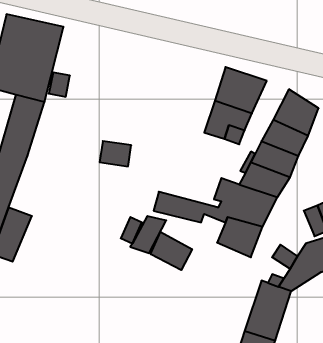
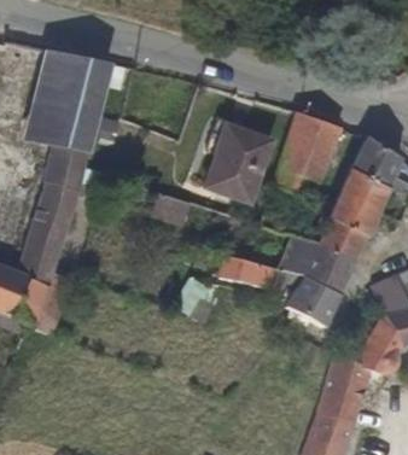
building: none -> [206,127,272,200]
building: [151,232,192,270] -> none

